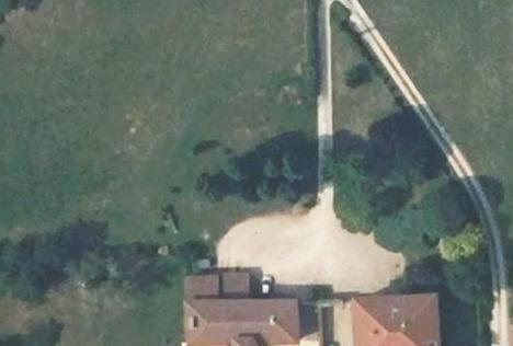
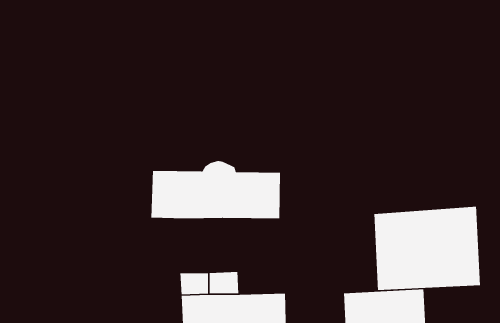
building: none -> [150,160,281,219]
building: none -> [373,206,481,291]

